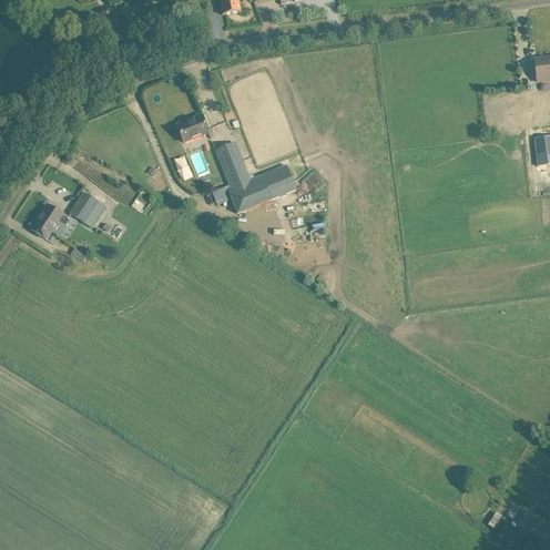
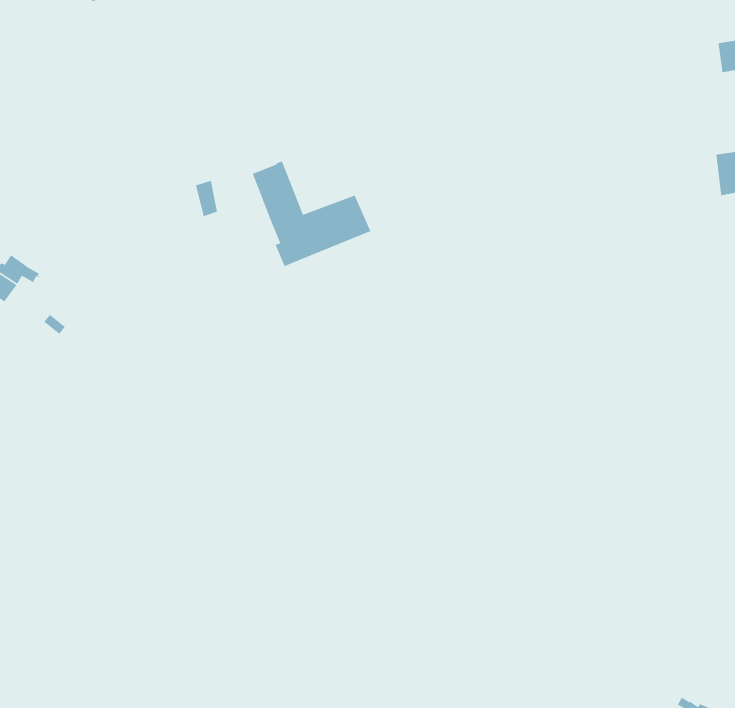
building: [176,113,208,140] -> none
building: [70,187,108,226] -> none

